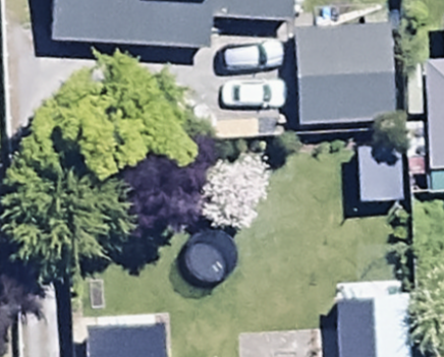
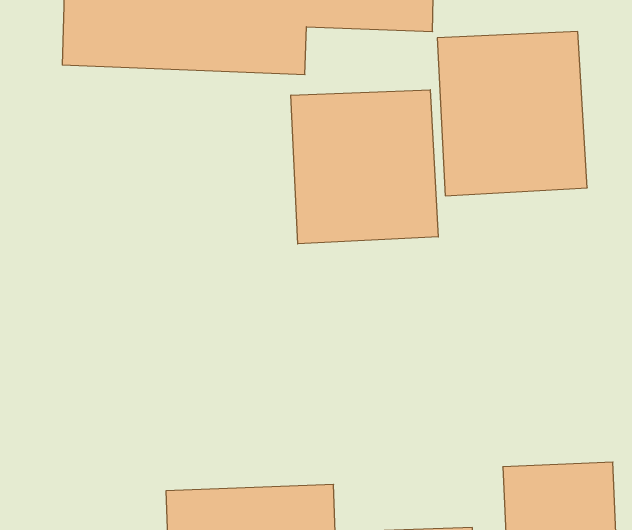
building: none -> [291,90,438,244]

